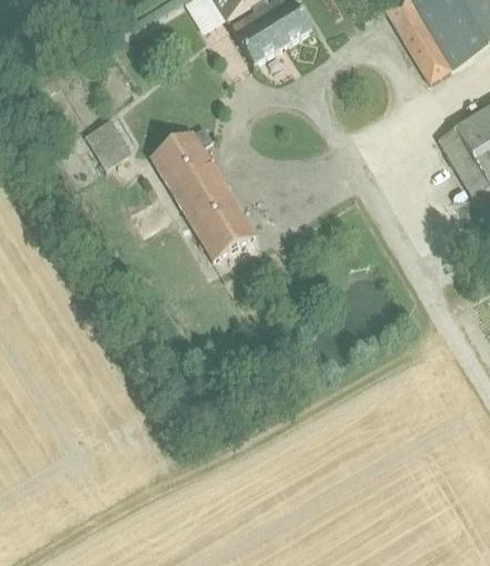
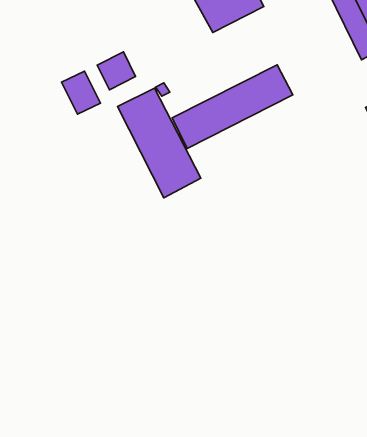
building: none -> [97,52,136,90]
building: none -> [172,65,293,148]

